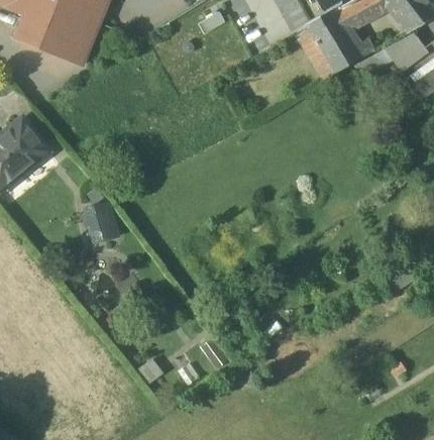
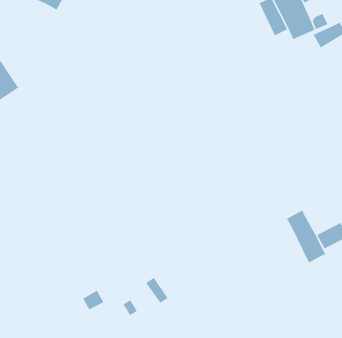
building: [88,206,119,244] -> none
building: none -> [286,210,326,264]

